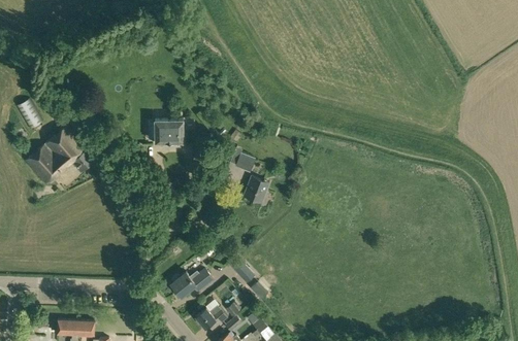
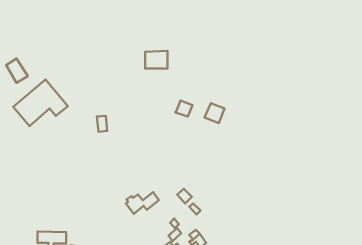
building: [155,120,184,142] -> [145,51,168,69]
building: [244,177,269,203] -> [204,103,225,123]
building: [195,307,226,331] -> none

